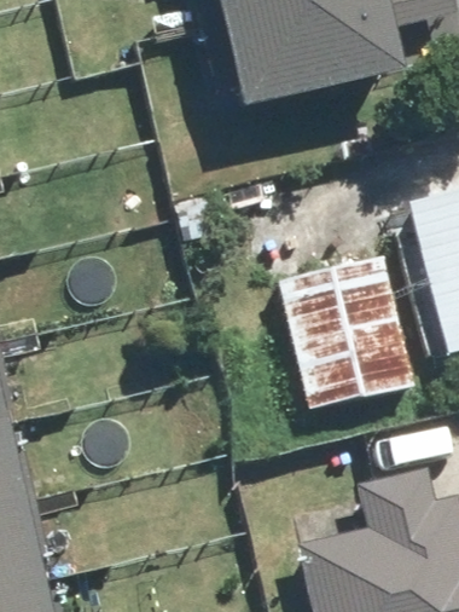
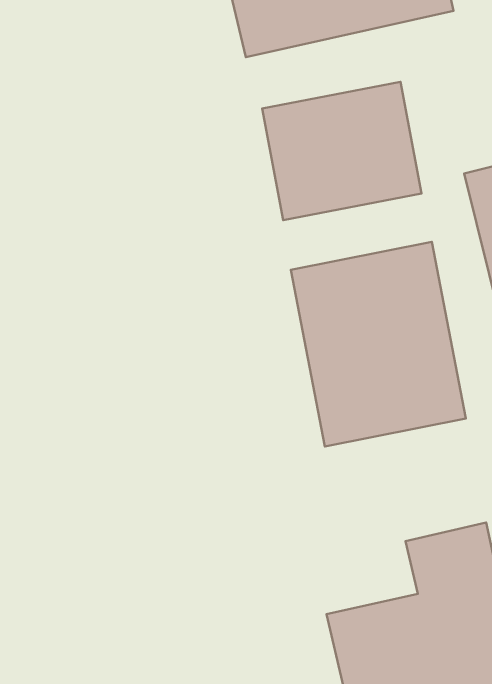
building: none -> [262,82,421,220]

